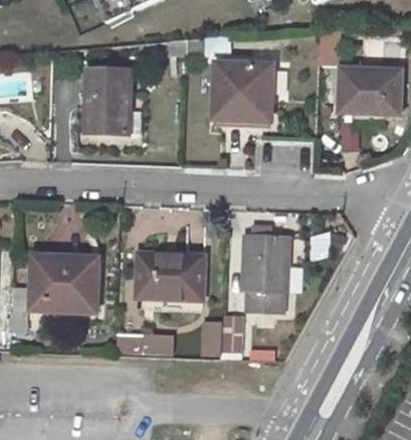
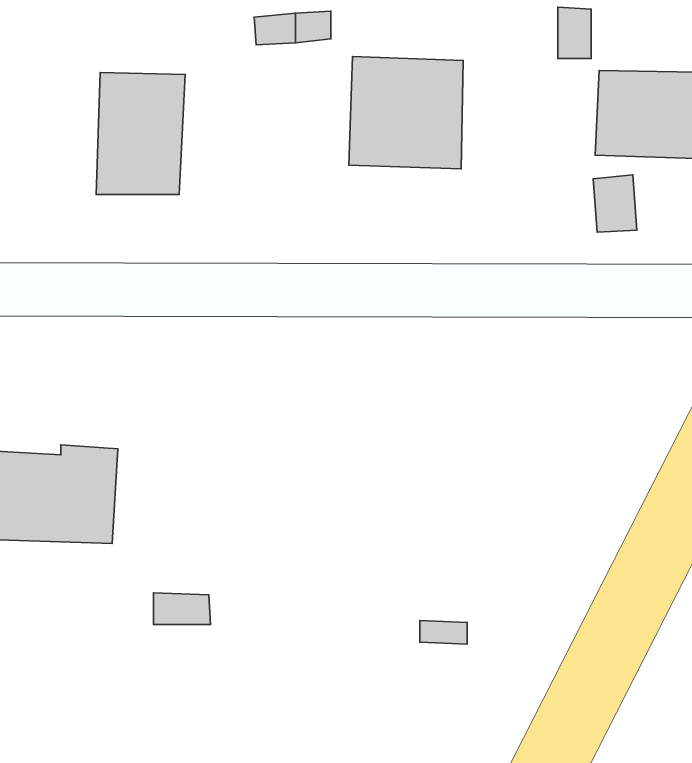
building: [242,234,286,311] -> none
building: [138,253,202,297] -> none
building: [202,317,243,357] -> none

